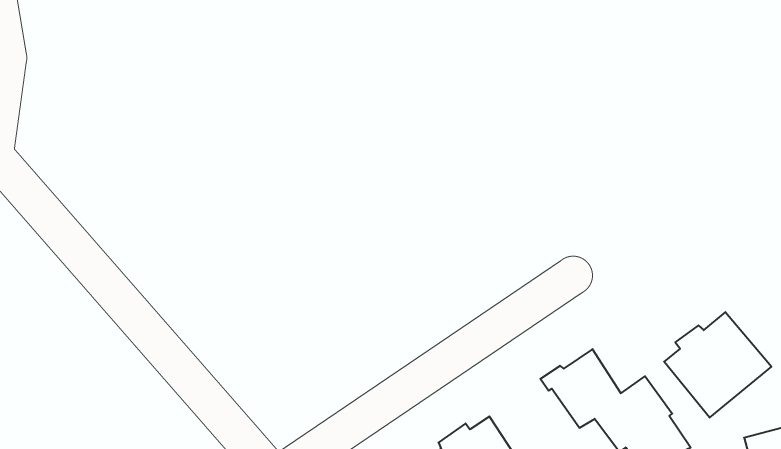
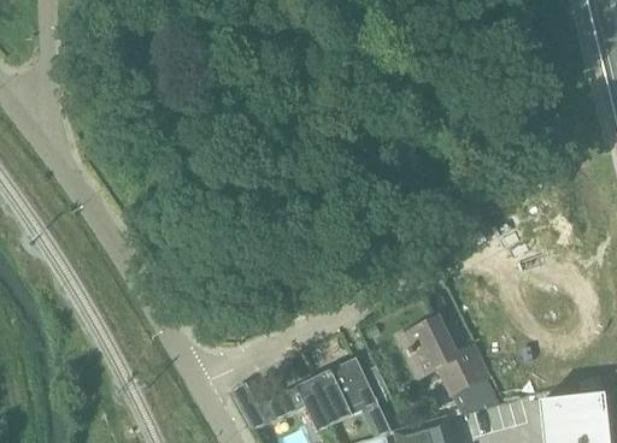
building: [664,312,771,418] -> none

